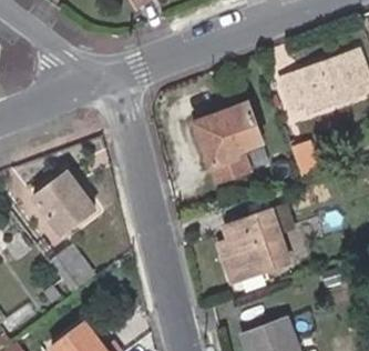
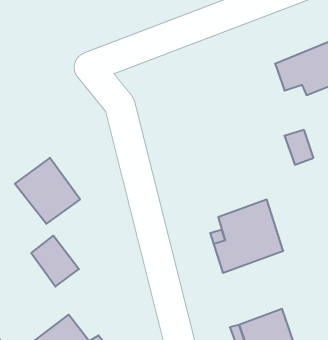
building: [195,102,260,183] -> none

